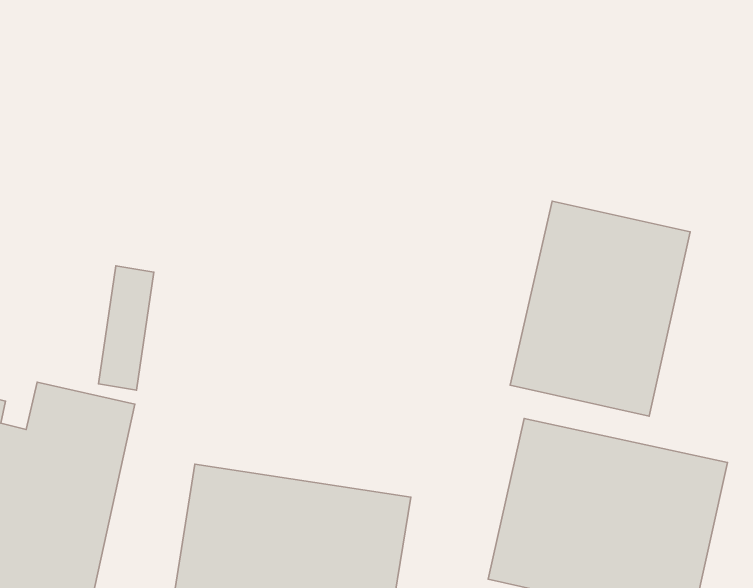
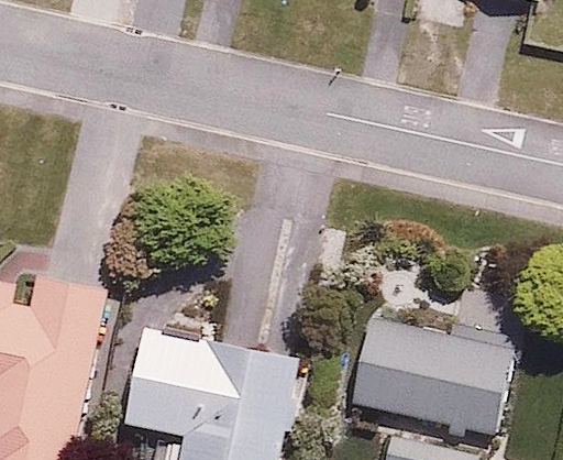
building: [510,201,690,416] -> none

